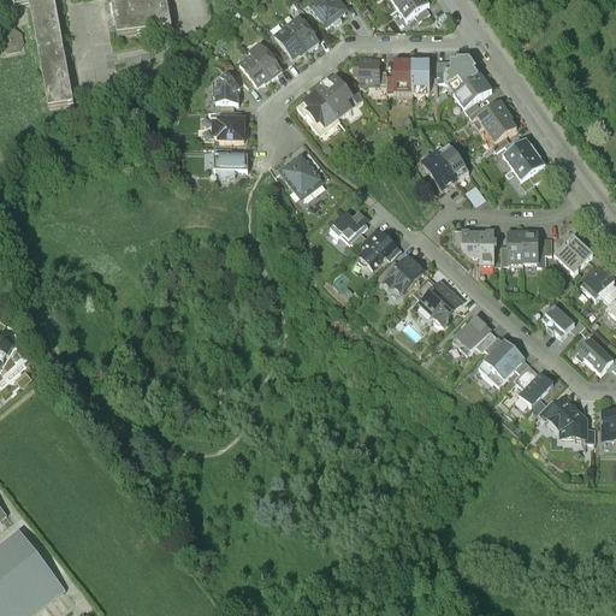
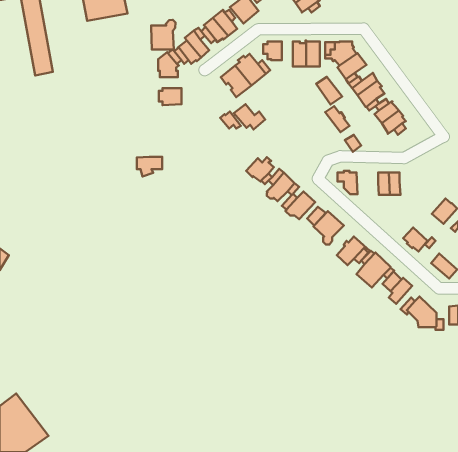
building: none -> [151,20,176,49]
building: [421,150,456,188] -> [316,77,342,105]
building: [213,154,247,180] -> [137,157,162,176]
building: [279,158,321,191] -> [234,104,265,129]
building: [478,229,496,265] -> none
building: [552,232,592,272] -> none

